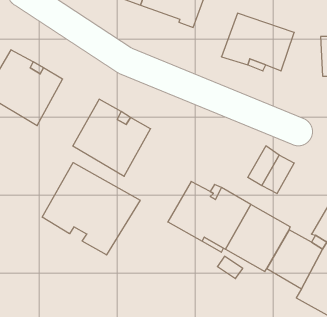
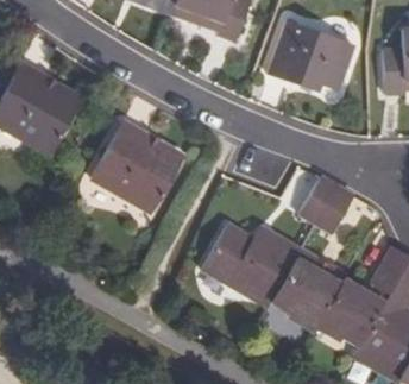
building: [42,163,140,255] -> none

